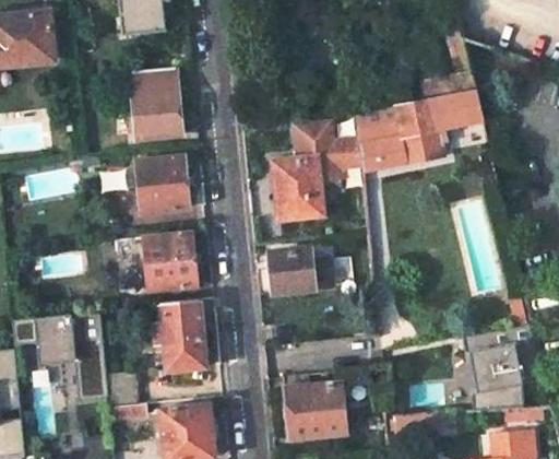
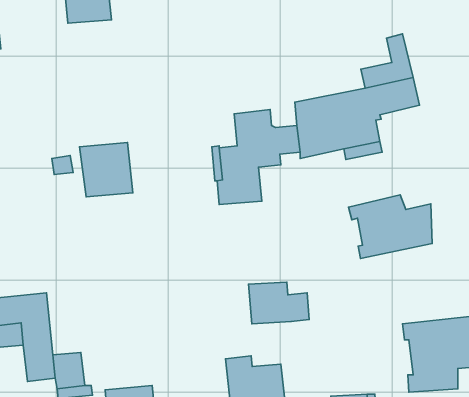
building: [129,69,181,139] -> none
building: none -> [348,195,432,259]
building: [143,234,197,291] -> none
building: [270,249,332,292] -> [248,282,309,324]
building: [151,298,205,370] -> none

